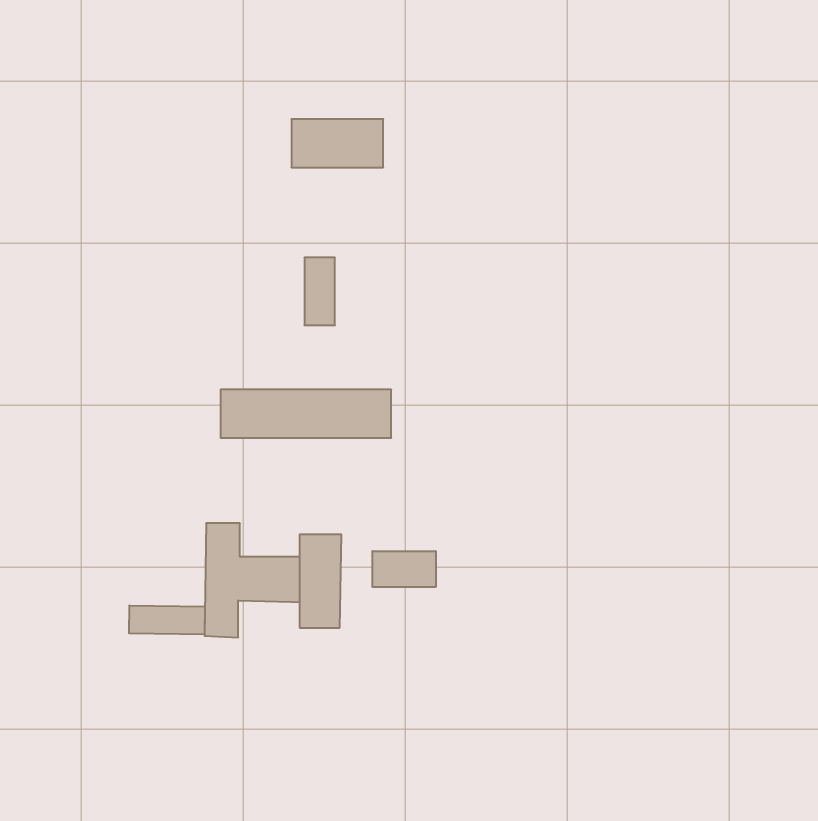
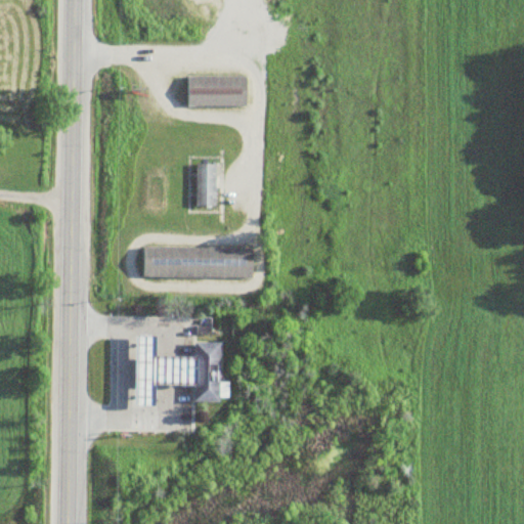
building: [372,551,436,587] -> none
building: [129,605,205,634] -> none

